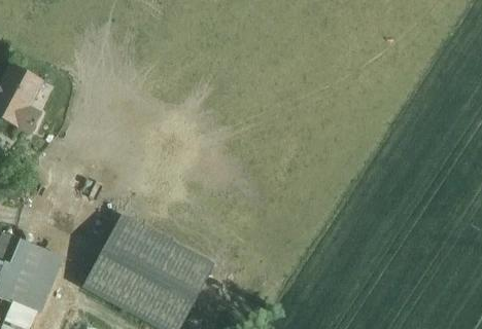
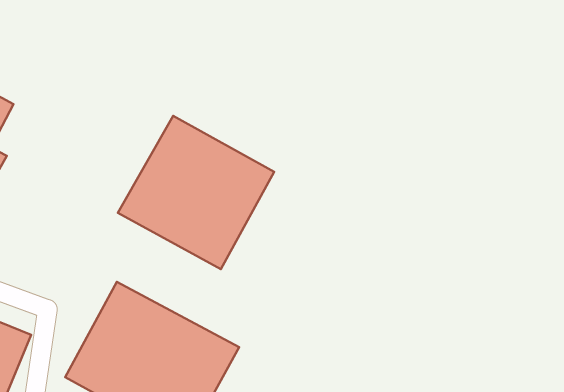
building: none -> [118,116,274,269]

